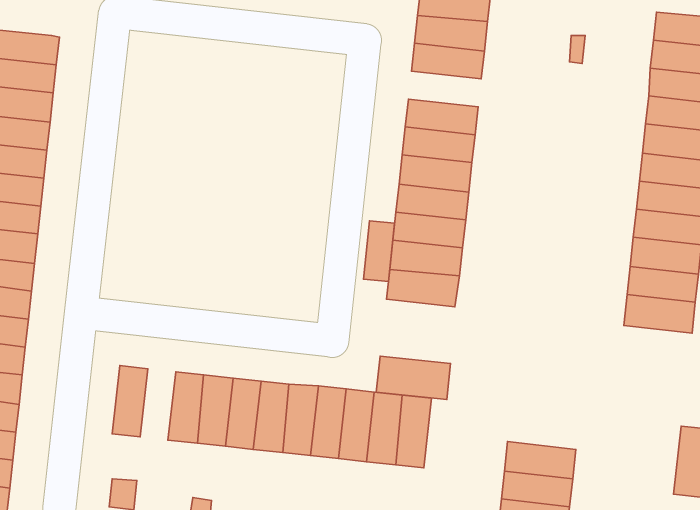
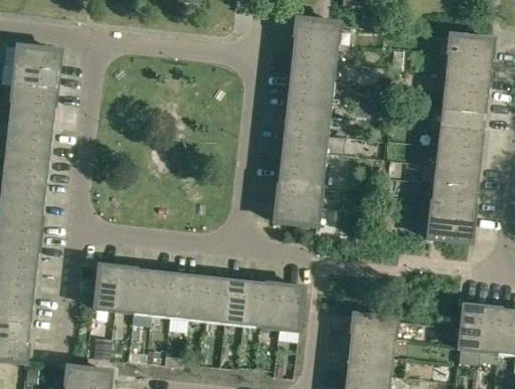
building: none -> [288,73,335,96]
building: [364,221,395,282] -> none
building: [376,356,451,400] -> none
building: none -> [114,266,137,313]

